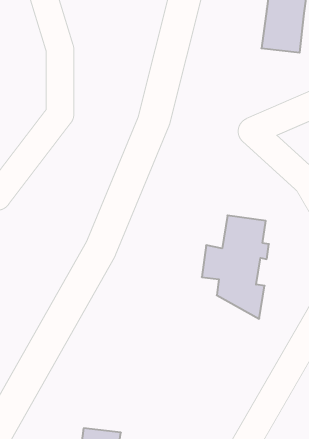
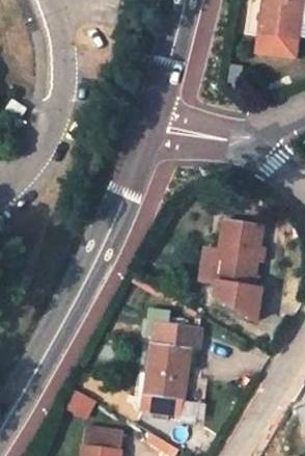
building: none -> [142,322,198,417]

